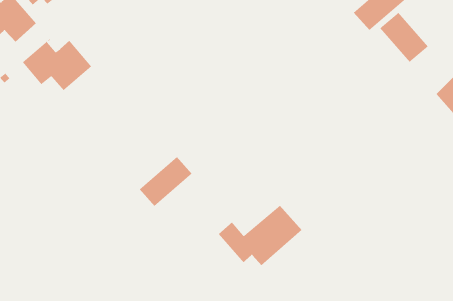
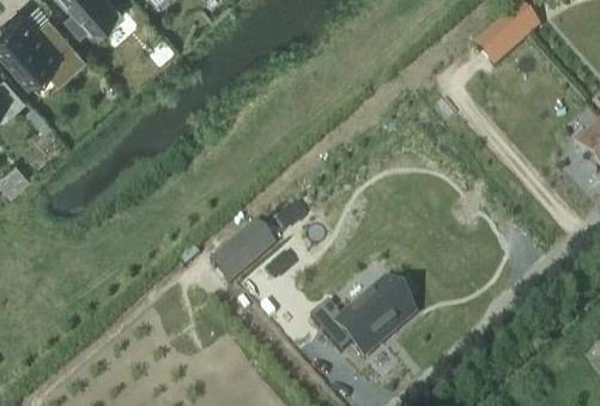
building: [379,12,429,63] -> none
building: [22,38,92,91] -> none

